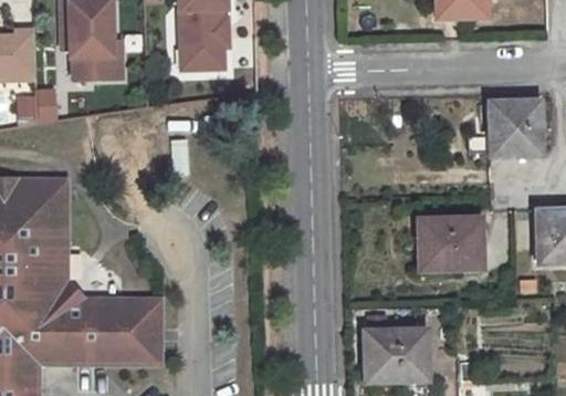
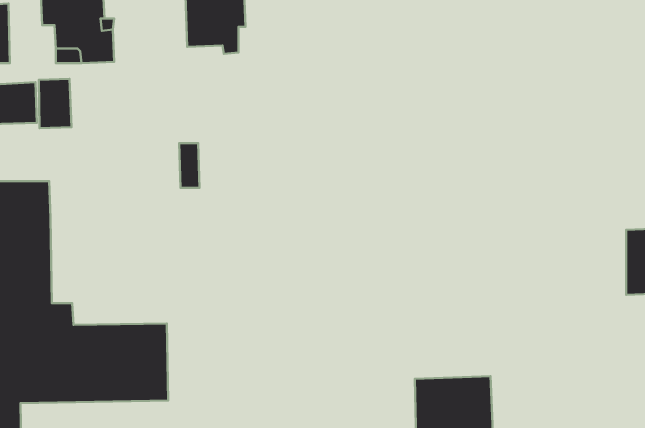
building: none -> [39,79,71,128]
building: [488,103,541,159] -> none
building: [418,220,481,273] -> none

